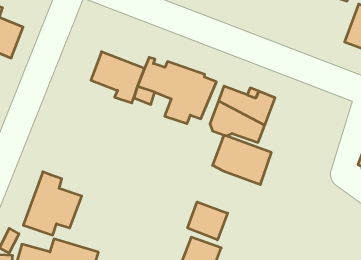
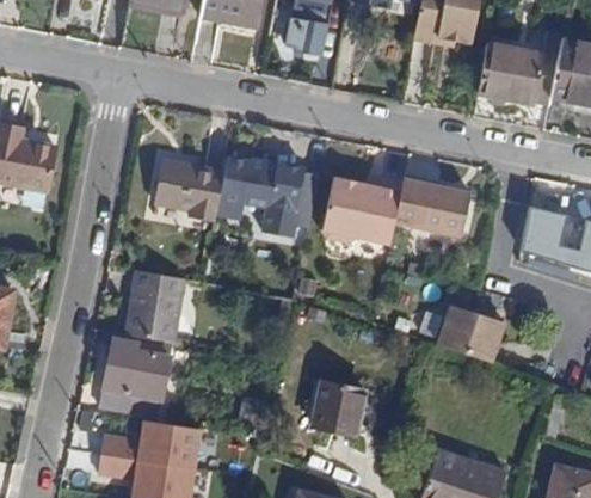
building: none -> [124,269,183,343]
building: [212,135,271,185] -> [392,179,466,235]
building: none -> [441,306,507,362]
building: [188,202,228,240] -> none

